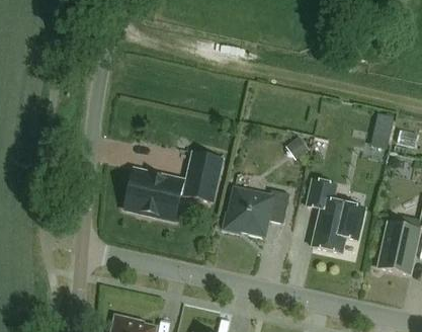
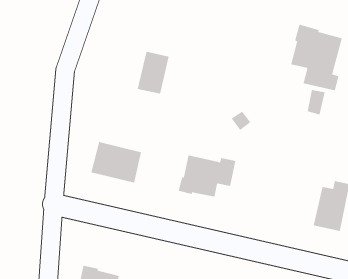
building: none -> [291,24,342,91]
building: [183,152,221,201] -> [137,51,170,94]
building: [304,177,365,253] -> none

